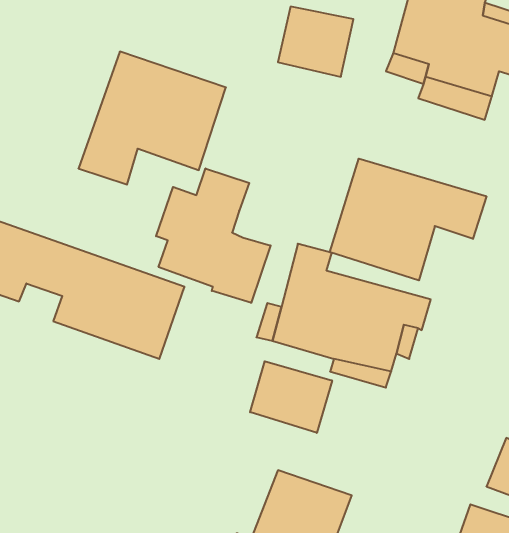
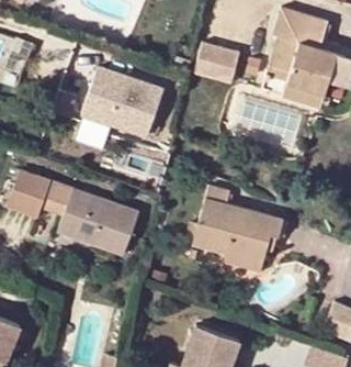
building: [330,159,486,280] -> none
building: [156,168,271,303] -> none
building: [250,361,332,433] -> none

